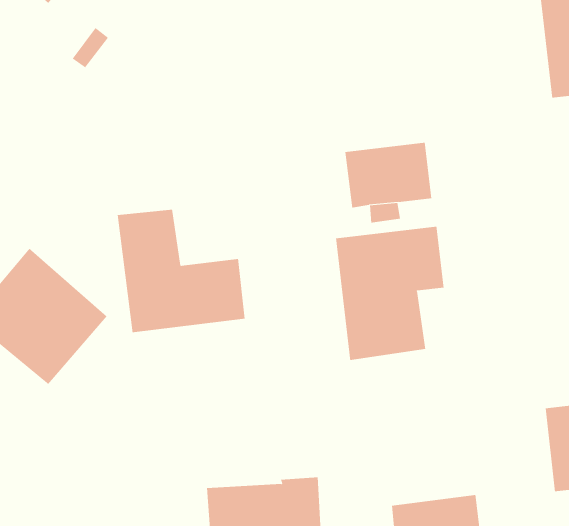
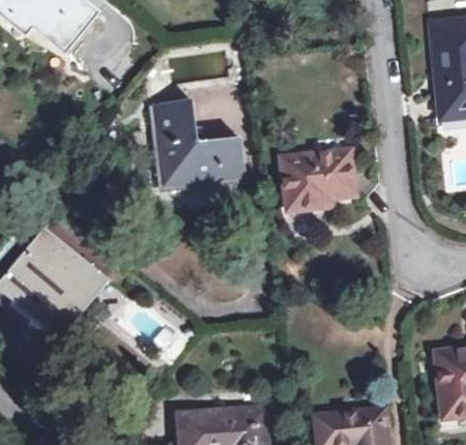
building: [117,209,246,333] -> [149,101,246,195]
building: [335,226,444,361] -> none

